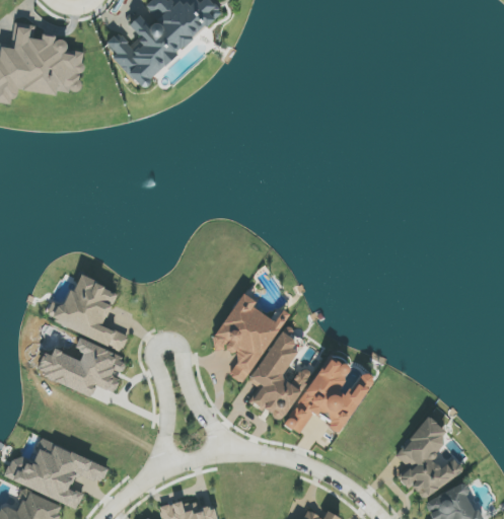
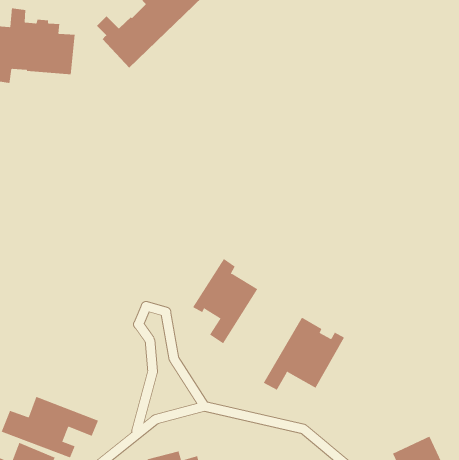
building: [45,276,128,349] -> none
building: [248,331,312,422] -> none
building: [35,339,126,395] -> none
building: [393,417,452,503] -> none

